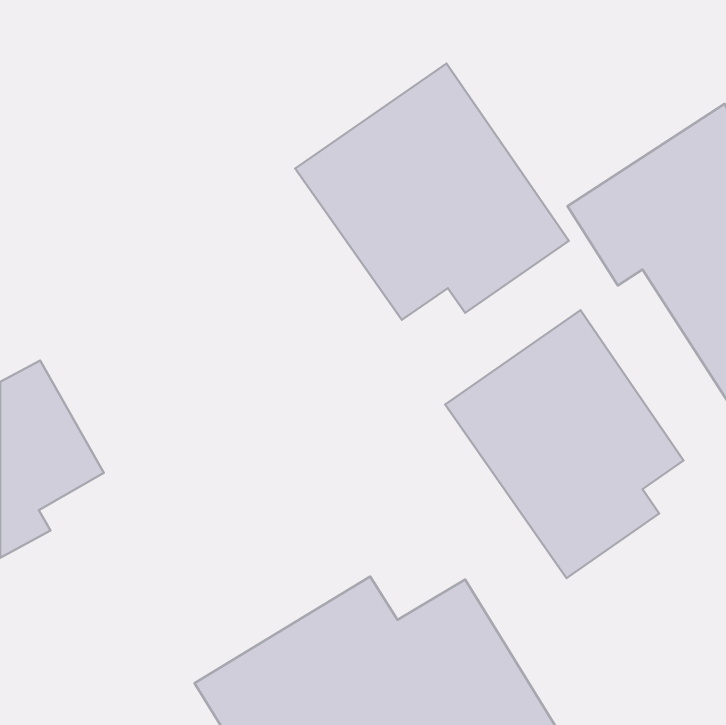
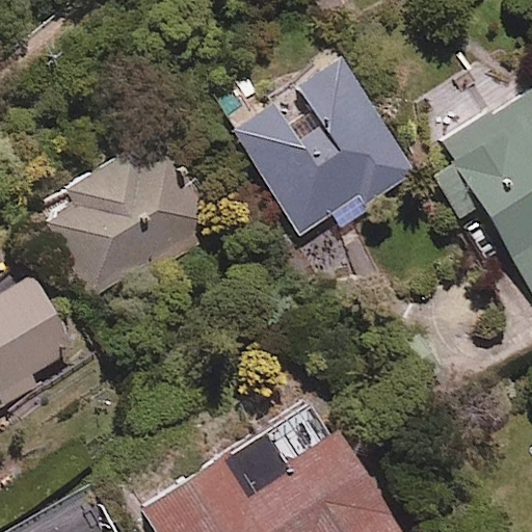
building: none -> [51,132,213,295]
building: [445,310,684,578] -> none

